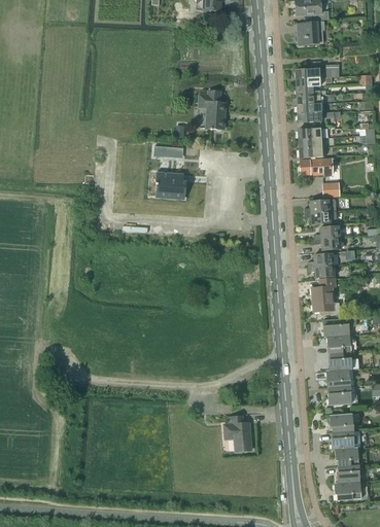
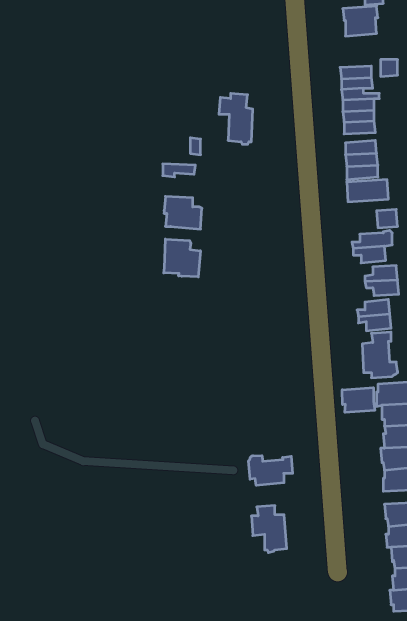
building: none -> [164,239,200,277]
building: none -> [342,388,375,412]
building: none -> [249,456,293,485]

